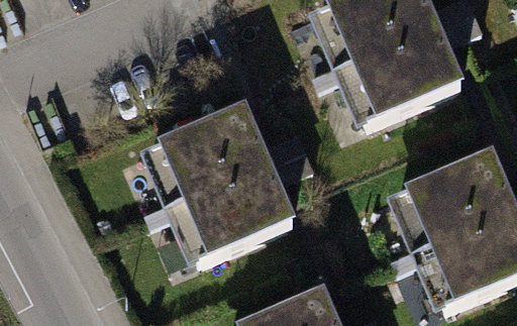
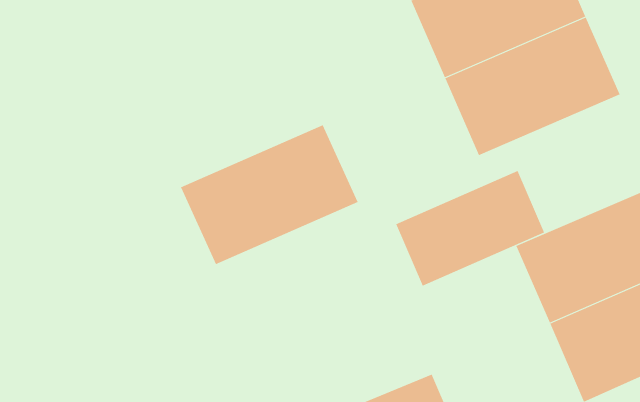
building: none -> [395,170,545,286]
building: [167,159,298,264] -> none

